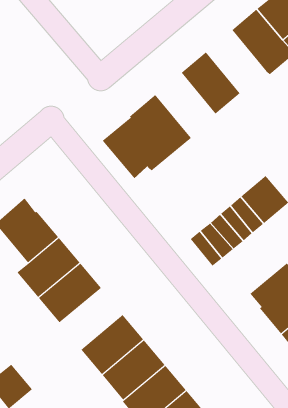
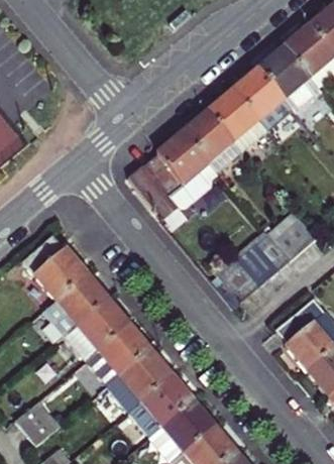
building: none -> [233,68,293,130]
building: none -> [183,110,242,172]
building: none -> [87,324,150,385]

